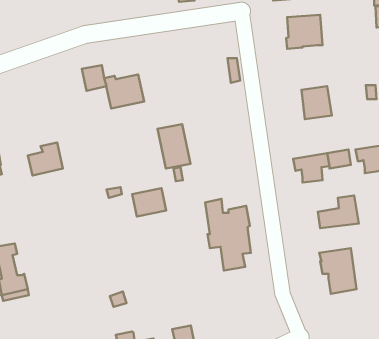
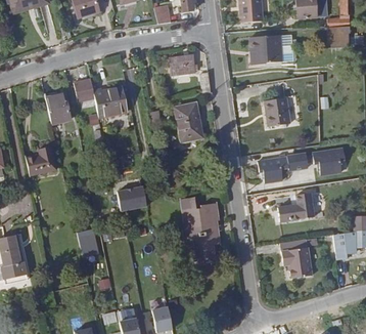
building: none -> [171,54,195,75]
building: none -> [46,93,72,124]
building: [157,124,190,169] -> [175,102,203,141]
building: none -> [78,228,105,256]

